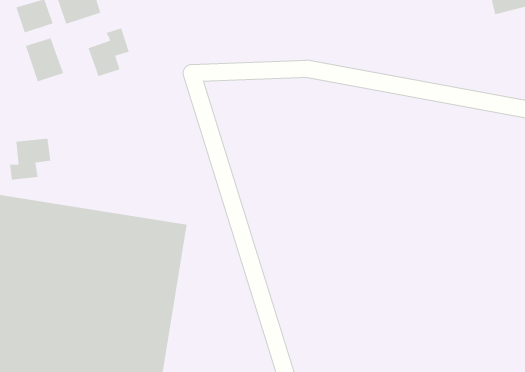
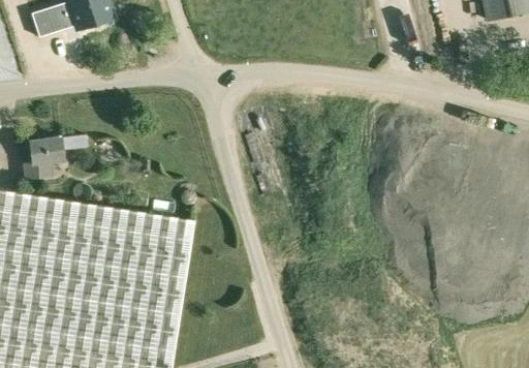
building: [88,28,130,77] -> none
building: [25,37,64,82] -> none

